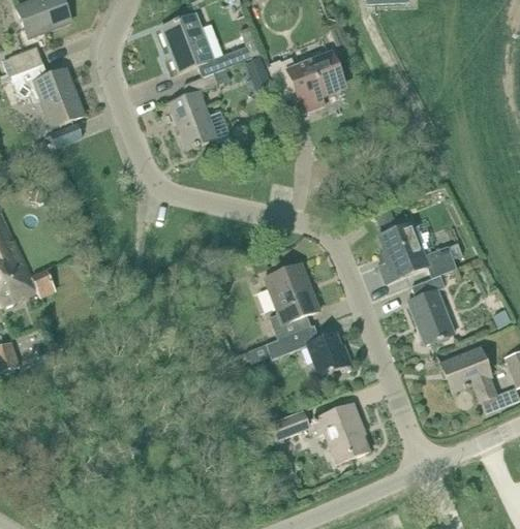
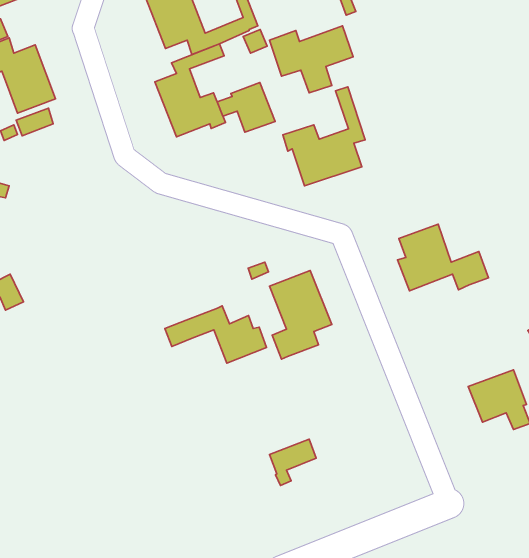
building: none -> [217,82,275,132]
building: none -> [283,87,365,186]
building: [408,276,455,345] -> none
building: [265,325,353,375] -> [165,306,266,363]
building: [311,403,368,462] -> none

